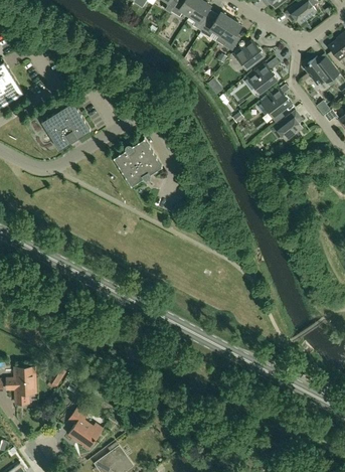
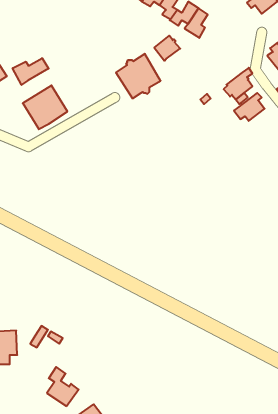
building: [235,41,264,68] -> [154,36,180,61]
building: [248,57,280,91] -> none
building: none -> [13,58,49,85]
building: [114,138,162,186] -> [116,54,161,98]

